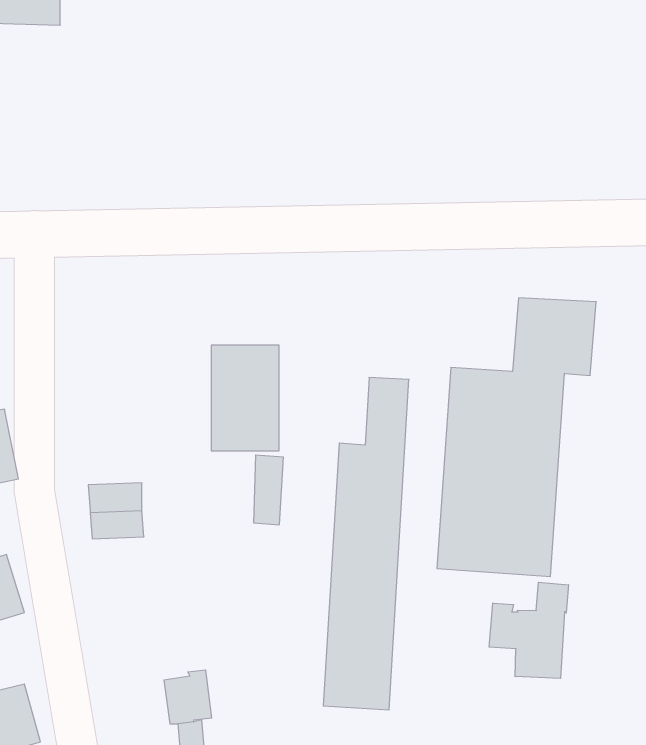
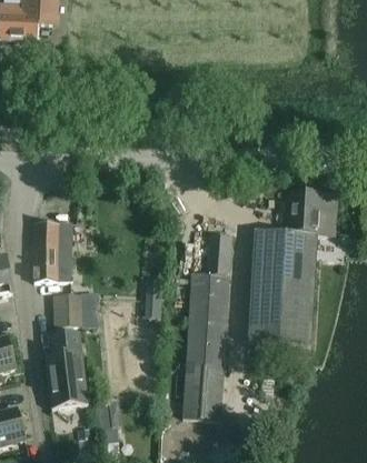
building: [211,345,279,451] -> [33,222,71,281]
building: none -> [44,332,87,409]
building: [489,582,568,678] -> none

